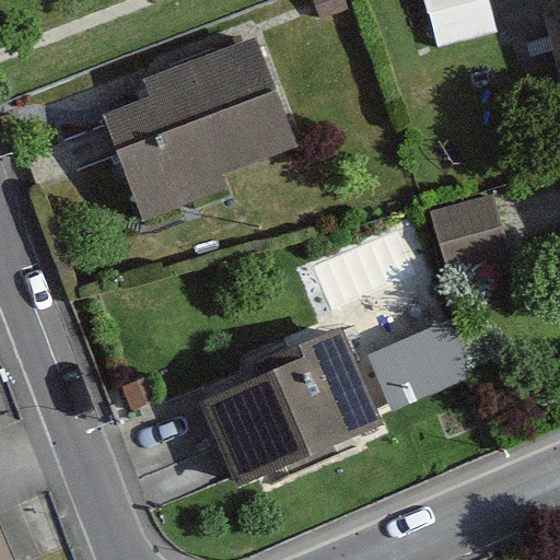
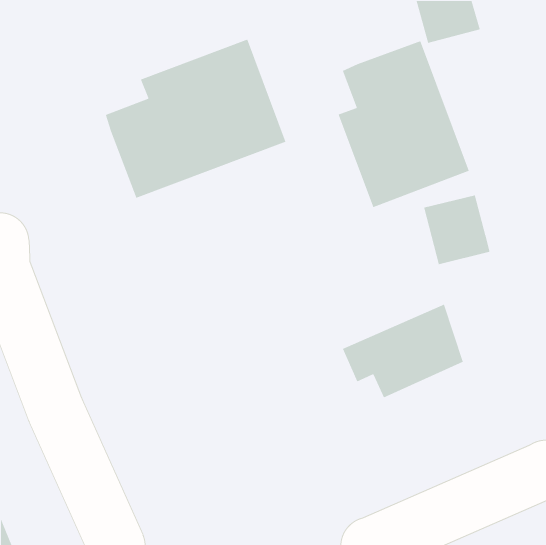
building: none -> [338,40,470,208]
building: [203,331,378,483] -> none

